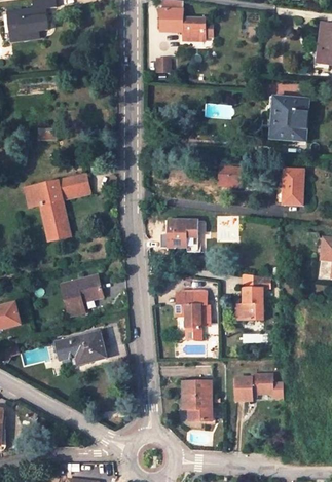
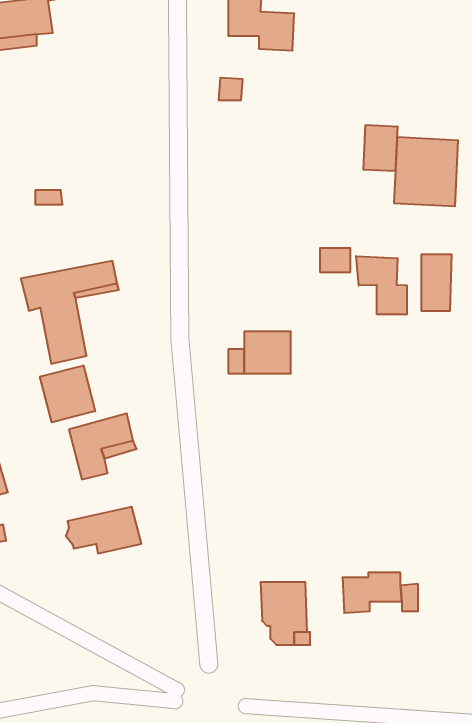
building: none -> [363,125,397,171]
building: none -> [356,256,407,315]
building: none -> [40,365,95,422]
building: [243,273,269,319] -> none
building: [176,291,207,338] -> none

